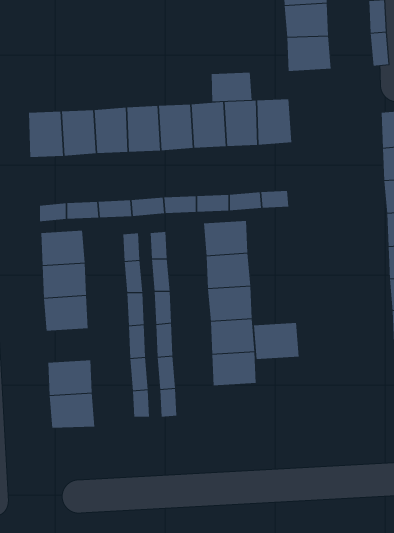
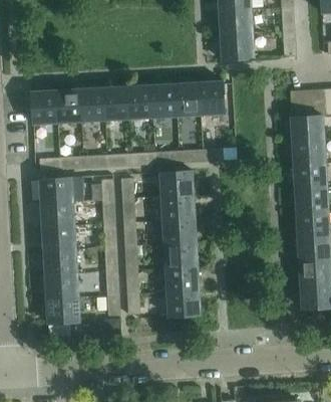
building: [211,72,252,102] -> none
building: [253,323,299,359] -> [167,290,201,318]
building: none -> [44,250,77,275]

